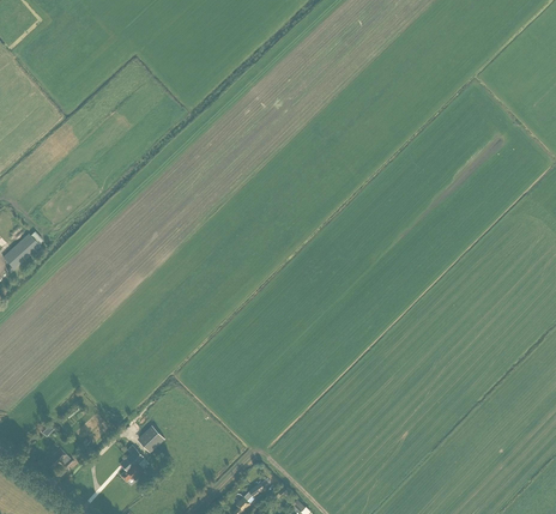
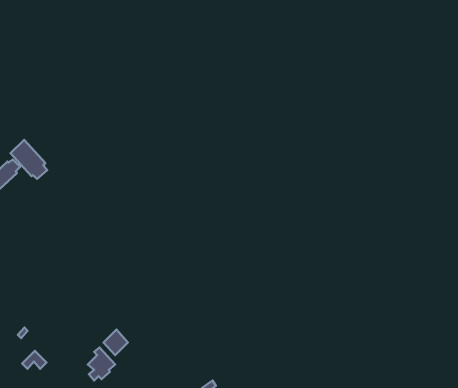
building: none -> [10,140,47,179]

